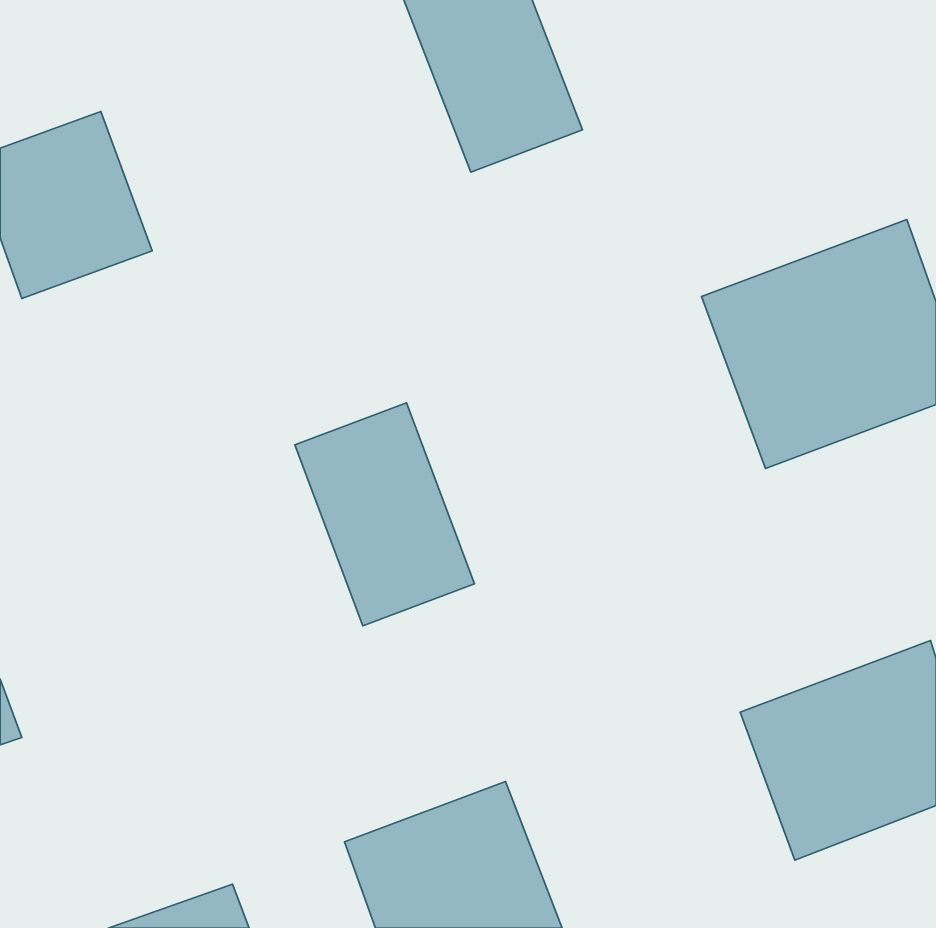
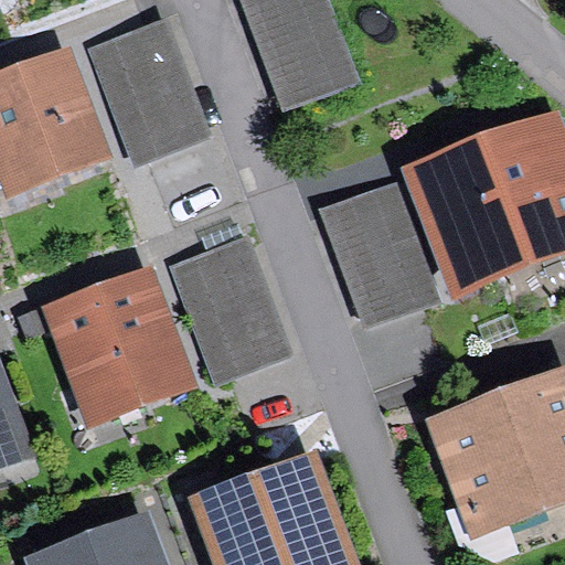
building: none -> [96,25,204,159]
building: none -> [324,189,433,322]
building: none -> [58,285,177,409]

